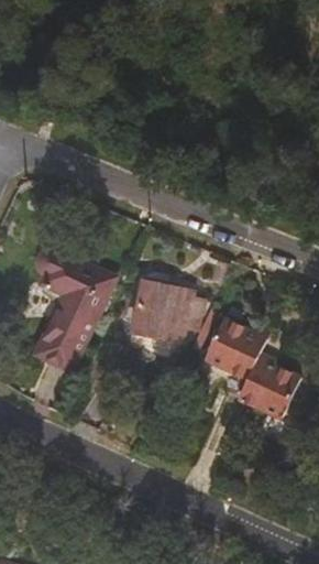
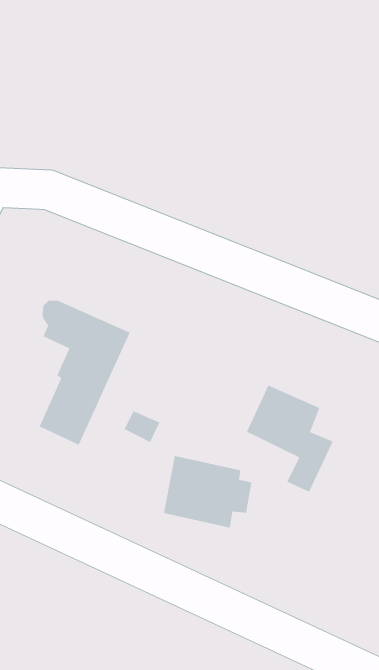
building: [131,280,204,339] -> [163,455,252,528]
building: [258,366,301,419] -> none

